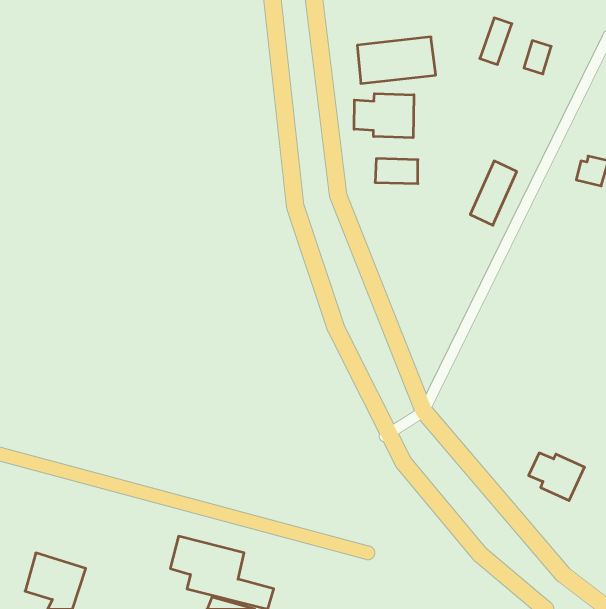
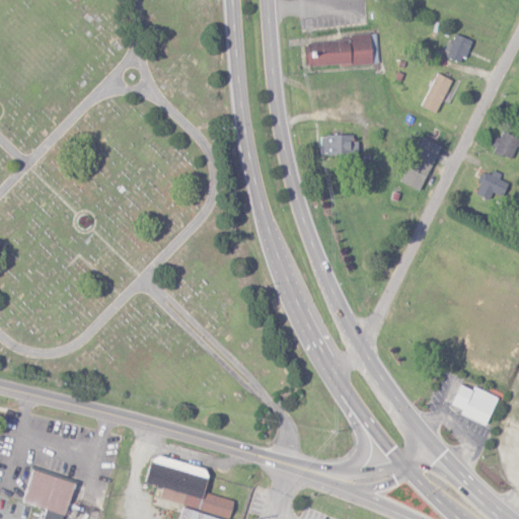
building: [480,18,512,64] -> [424,73,451,113]
building: [354,94,414,138] -> none
building: none -> [476,170,509,200]

